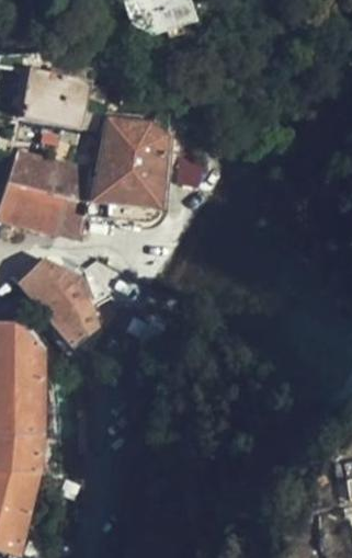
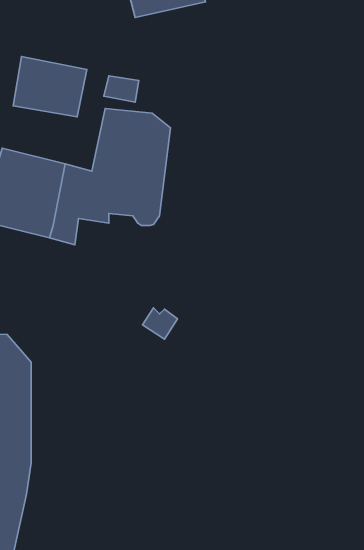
building: [22,260,95,344] -> none

